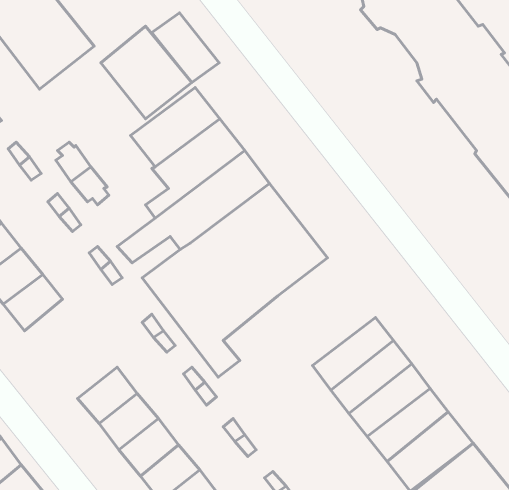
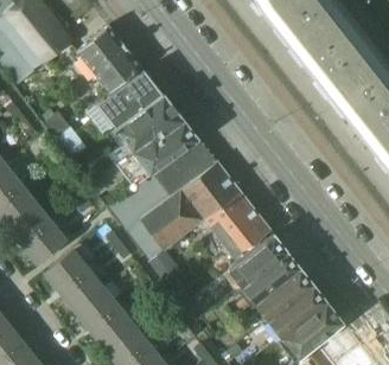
building: [152,13,219,83] -> none
building: none -> [204,191,270,258]
building: none -> [23,220,66,263]
building: none -> [45,250,89,292]

